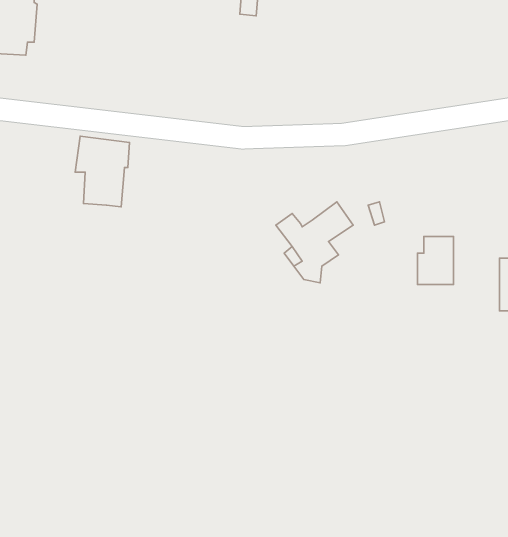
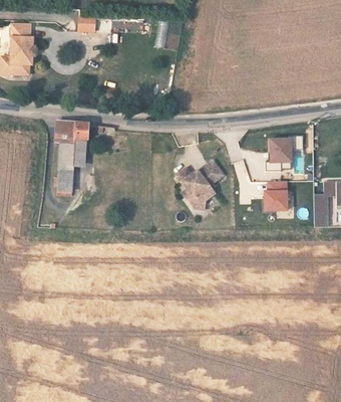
building: none -> [266,136,304,172]
building: none -> [57,162,75,191]

